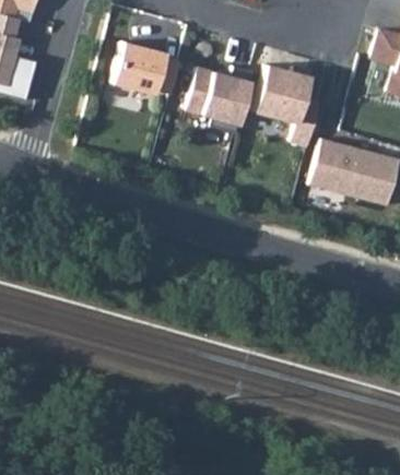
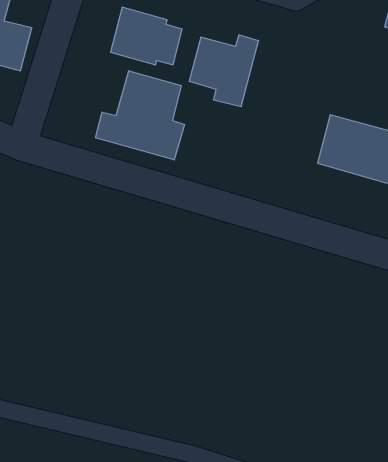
building: [255,64,320,146] -> none
building: none -> [96,71,185,160]

